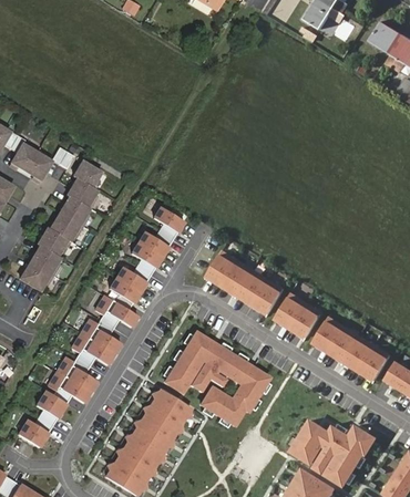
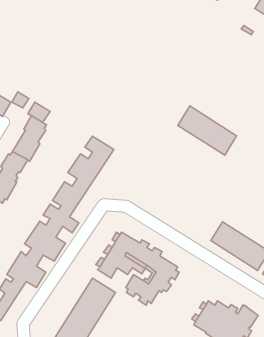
building: [206,249,283,313] -> [178,106,237,155]
building: [275,292,321,338] -> none

